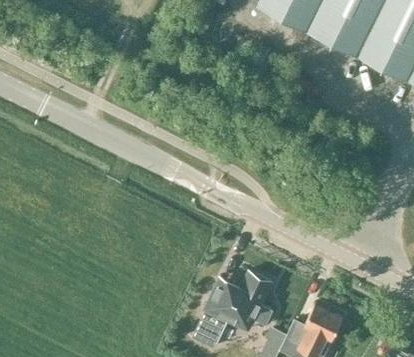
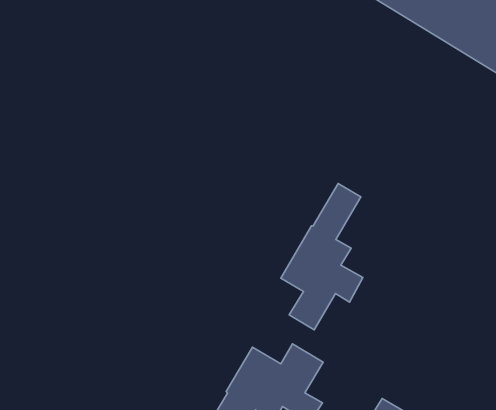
building: none -> [281,183,363,330]

